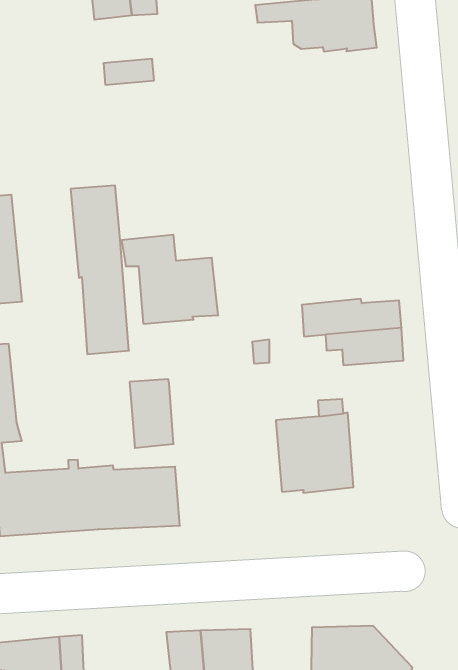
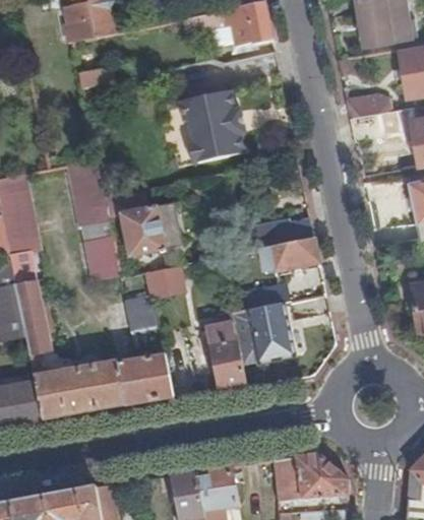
building: none -> [180,90,245,166]
building: none -> [146,267,184,298]
building: none -> [209,316,246,391]

